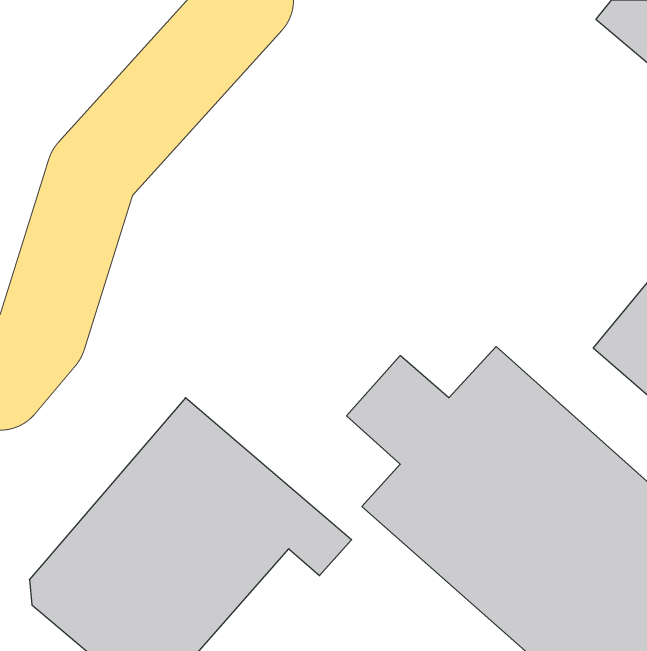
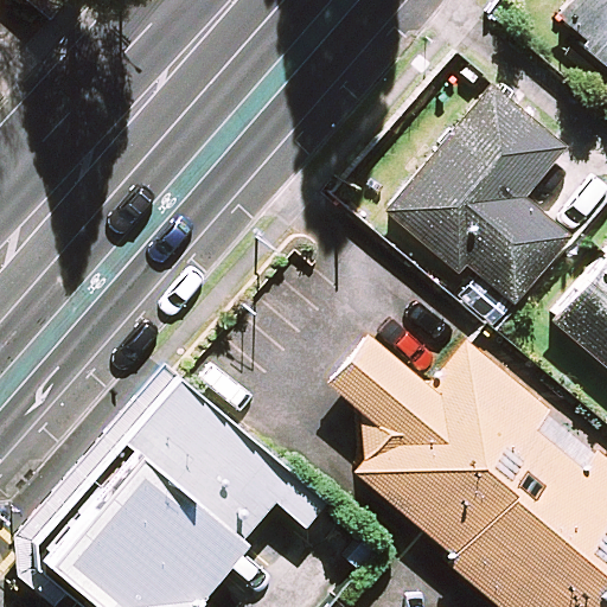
building: none -> [390,90,569,305]

